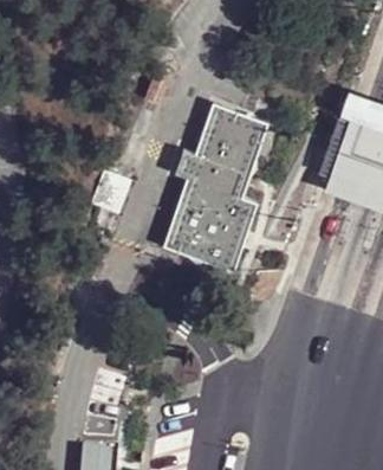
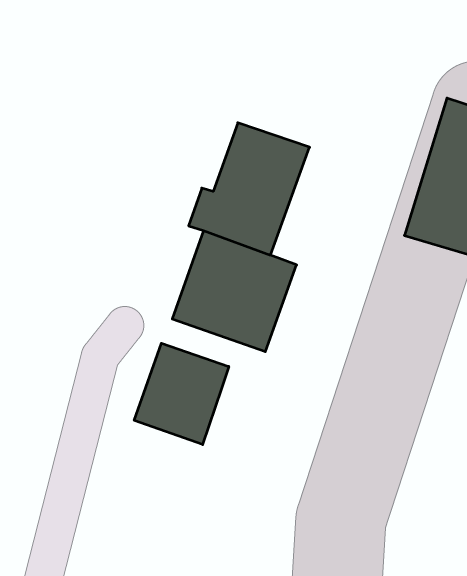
building: none -> [134,343,229,445]

